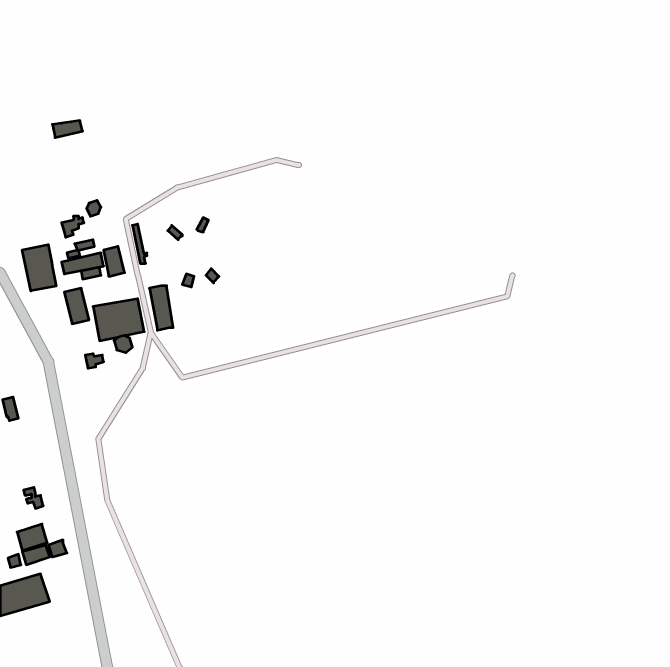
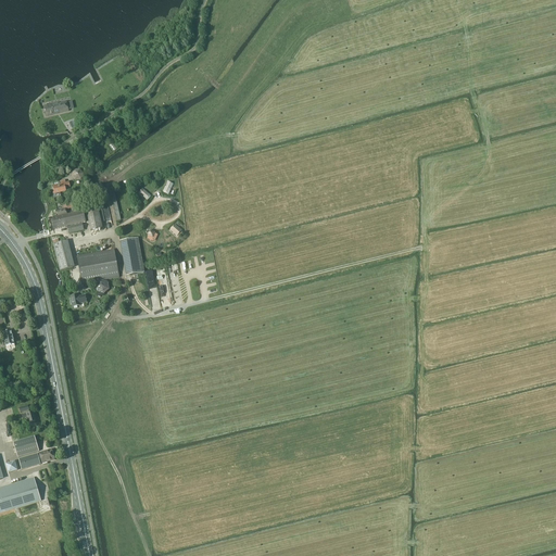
building: [22,245,56,291] -> none

